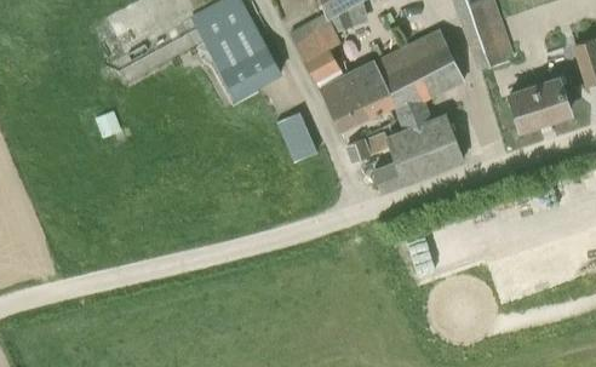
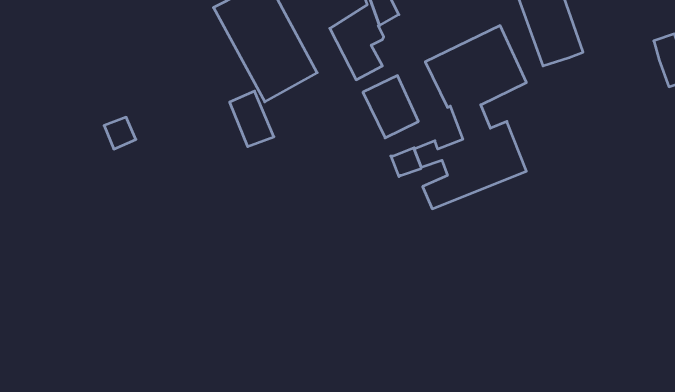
building: [350,64,394,116] -> none
building: [509,80,568,130] -> none
building: [277,113,316,161] -> [230,91,274,147]

